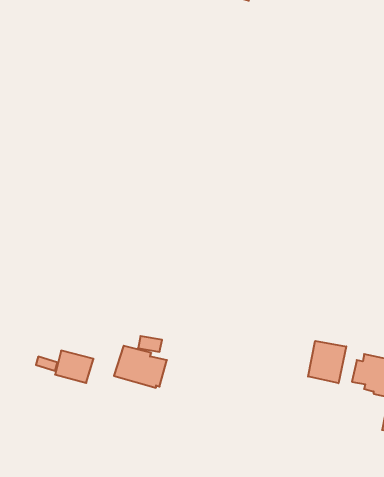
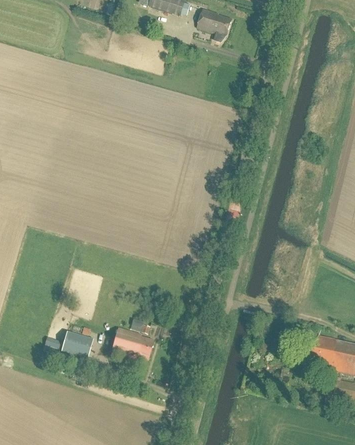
building: [308,341,346,383] -> none

